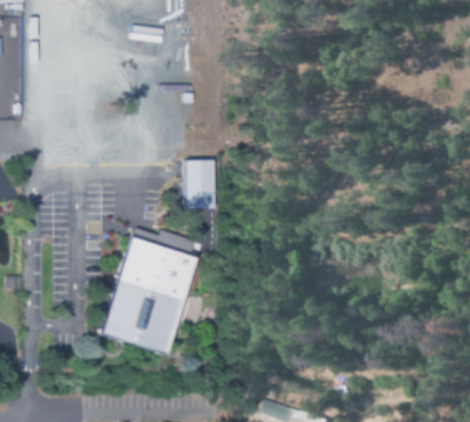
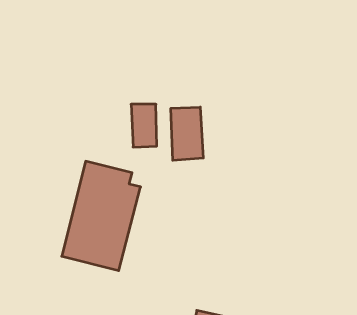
building: none -> [171,107,203,160]

